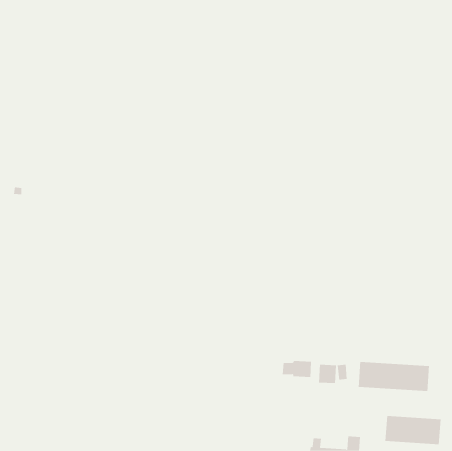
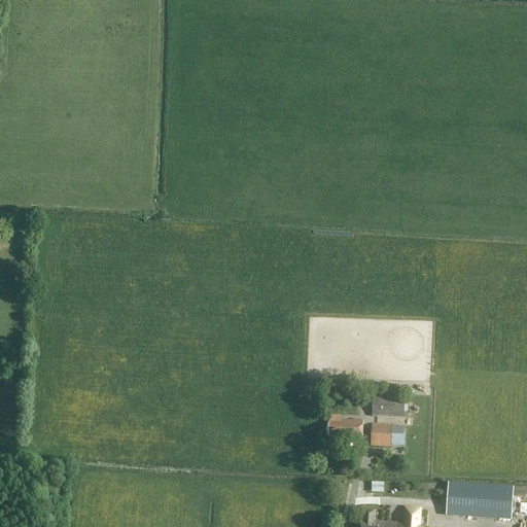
building: none -> [371,396,402,416]
building: [358,361,429,392] -> none

